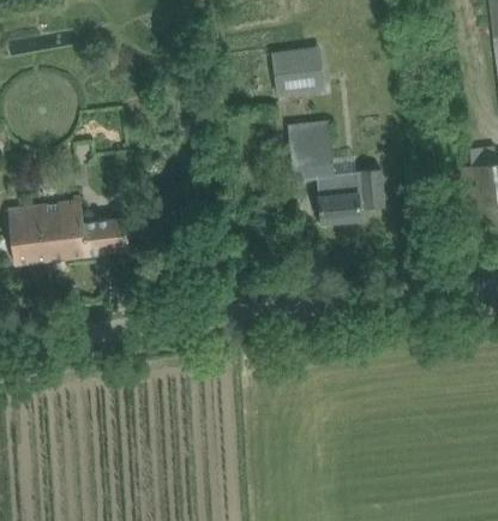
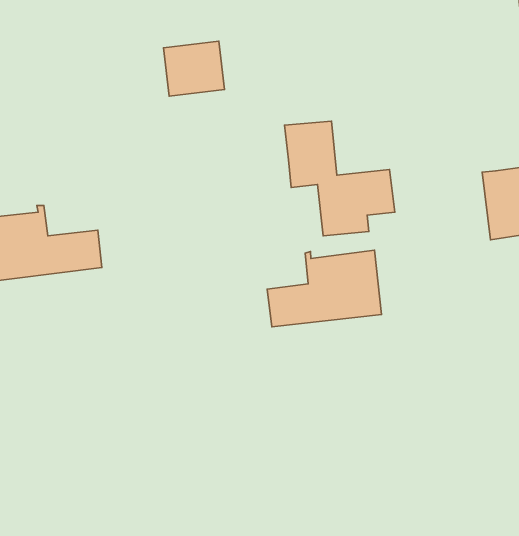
building: [272,47,325,95] -> [164,41,224,96]
building: none -> [267,250,381,327]

